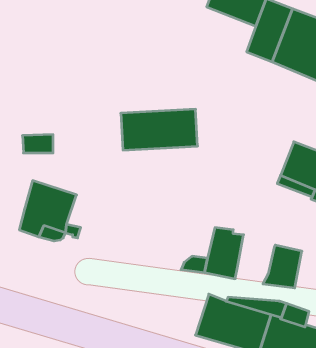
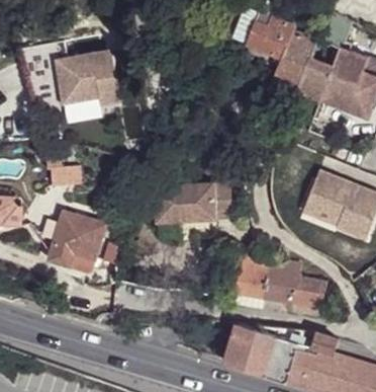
building: none -> [56,53,120,108]
building: [121,109,198,150] -> [155,184,230,225]
building: none -> [262,261,303,311]

